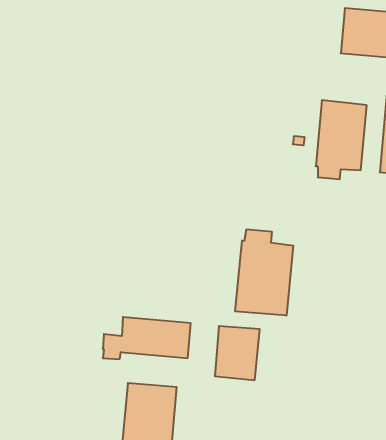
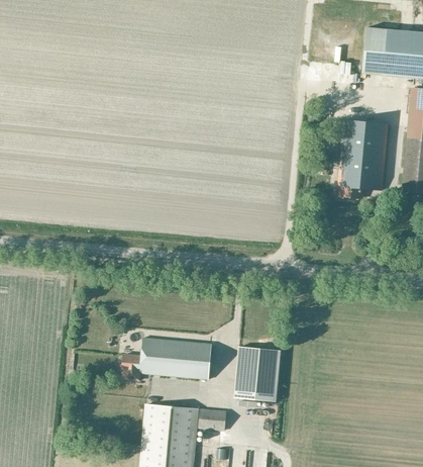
building: [235,229,293,316] -> none
building: none -> [198,408,227,431]

